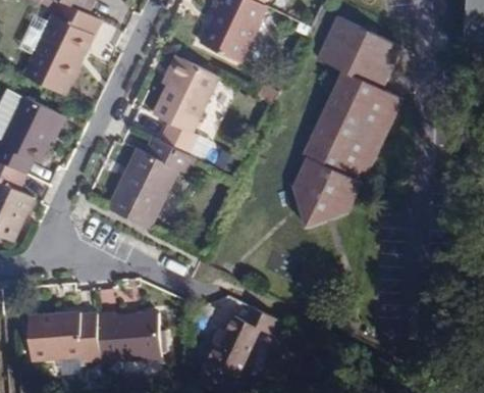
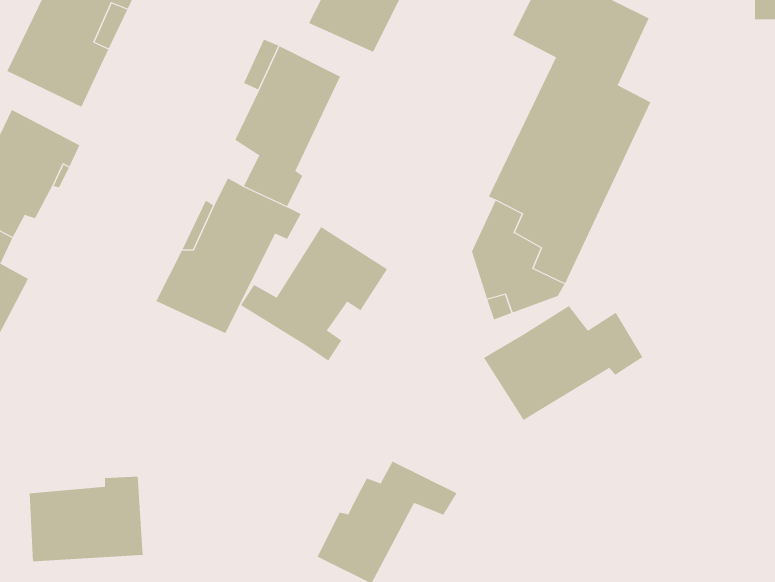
building: none -> [240,226,388,362]
building: none -> [483,305,643,421]
building: [99,311,161,360] -> none

